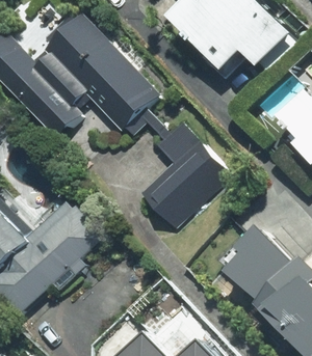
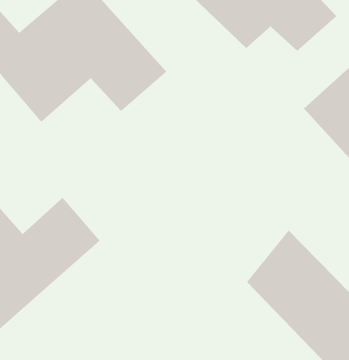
building: [135,138,226,226] -> none

